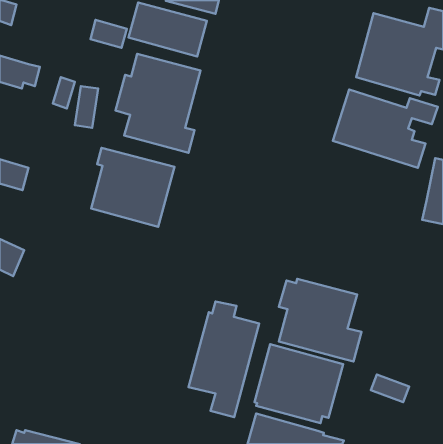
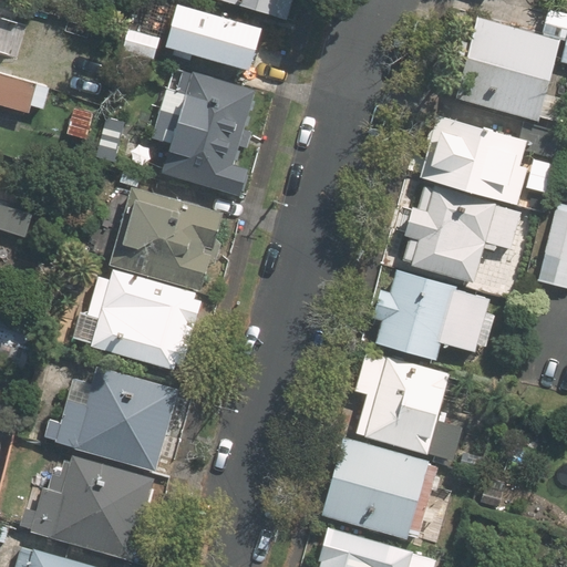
building: none -> [401,183,522,286]
building: none -> [80,266,204,370]
building: none -> [370,269,496,359]
building: none -> [43,370,175,468]
building: [188,301,259,417] -> none
building: none -> [20,453,151,558]

